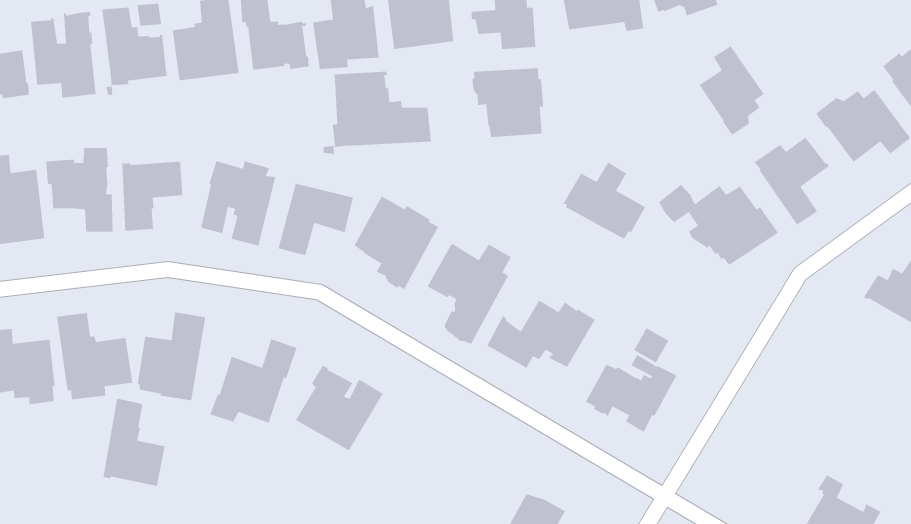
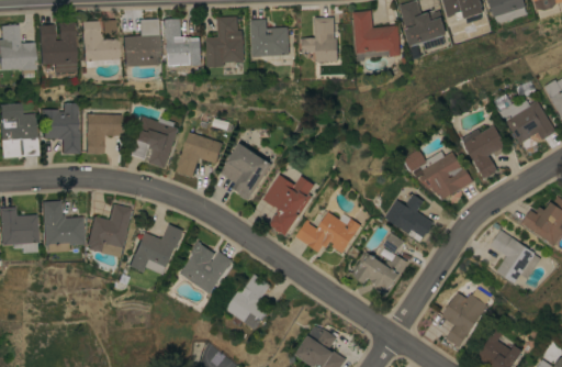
building: [698,45,765,136] -> none
building: [471,68,544,138] -> none
building: [323,71,432,155] -> none
building: [562,161,646,240] -> [384,193,434,241]
building: none -> [490,230,541,283]
building: [103,398,165,487] -> none
building: none -> [440,288,487,347]
building: none -> [225,274,270,330]

